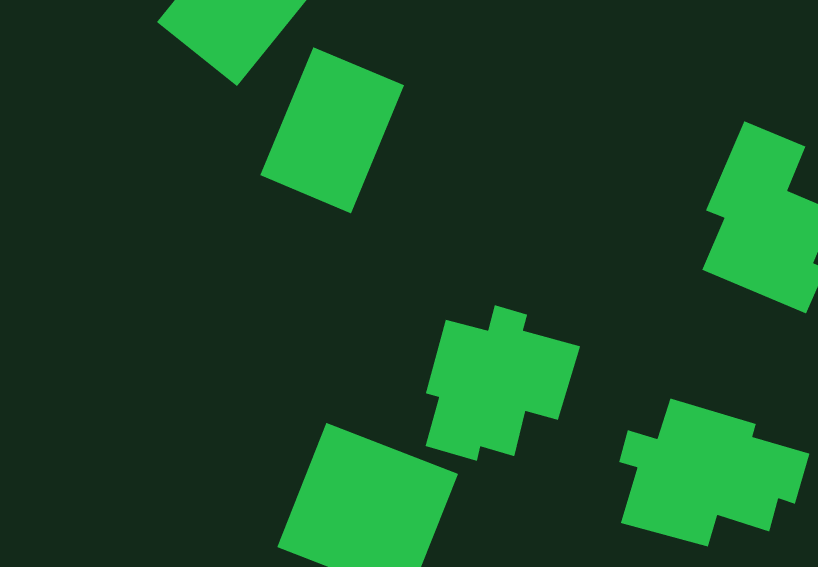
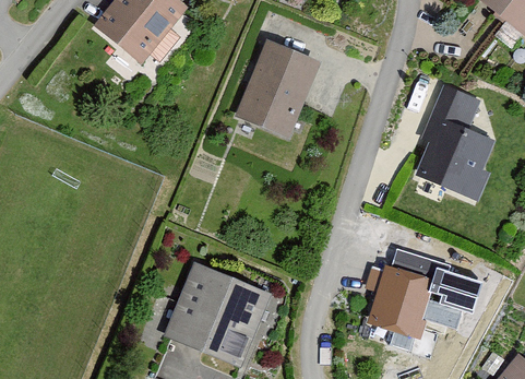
building: [259,46,405,214] -> [234,38,320,138]
building: [424,304,581,462] -> none

